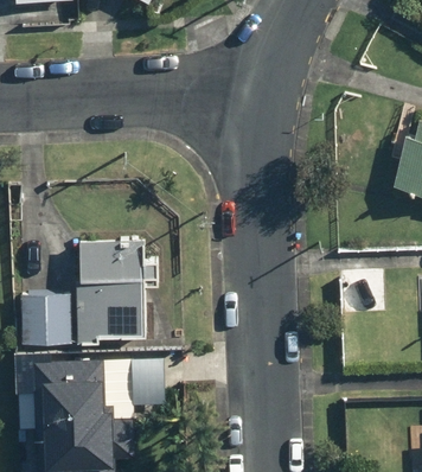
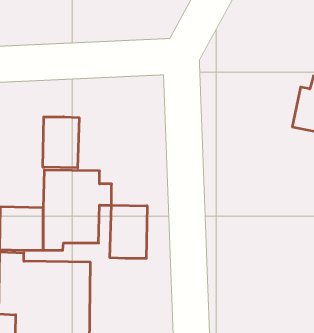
building: none -> [43,117,79,168]
building: none -> [110,205,147,258]

